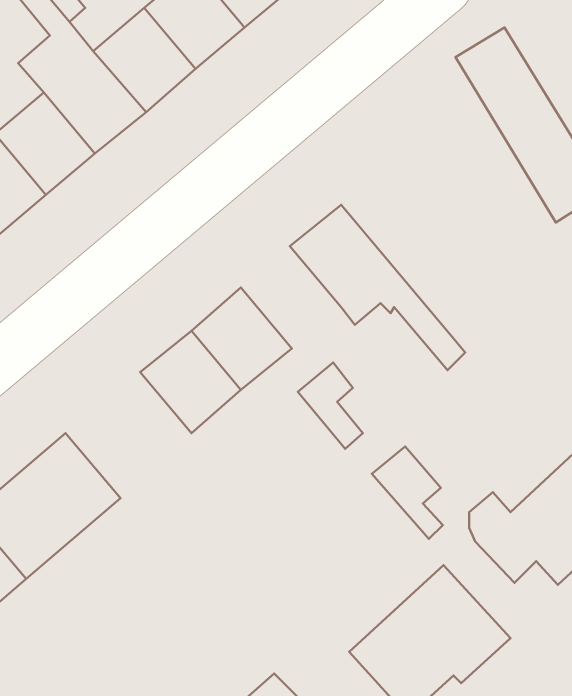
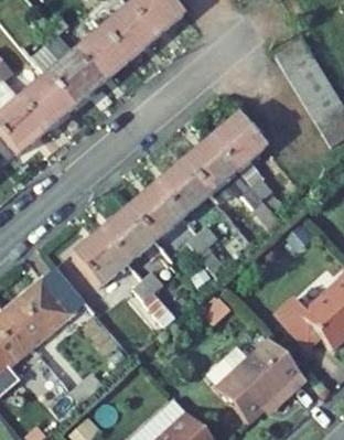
building: none -> [212,112,287,213]
building: none -> [155,159,212,216]
building: none -> [72,229,128,287]
building: [372,446,443,539] -> [133,271,173,323]

